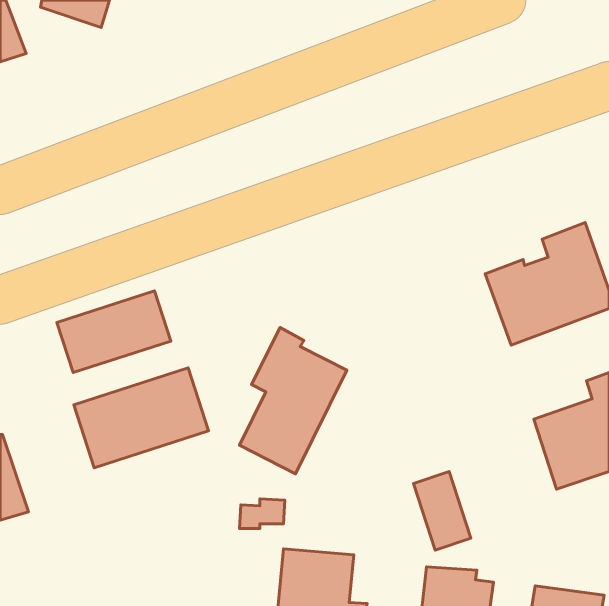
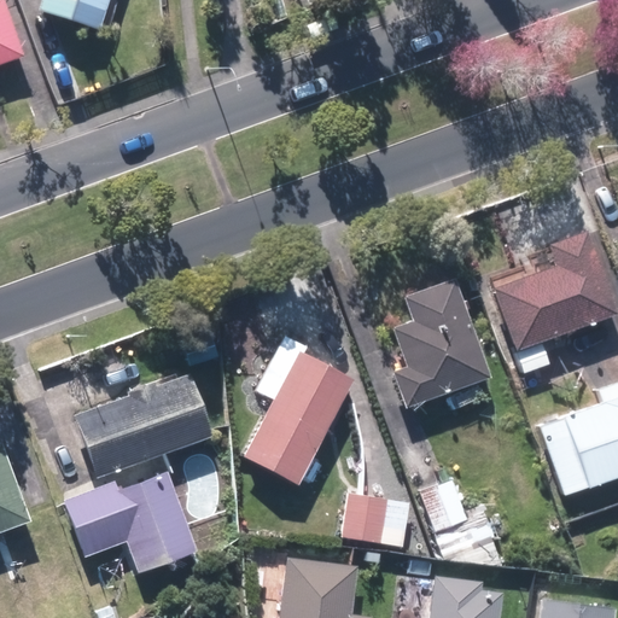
building: none -> [391,278,495,410]
building: [57,291,171,373] -> none
building: none -> [64,466,202,573]
building: none -> [342,494,413,546]

